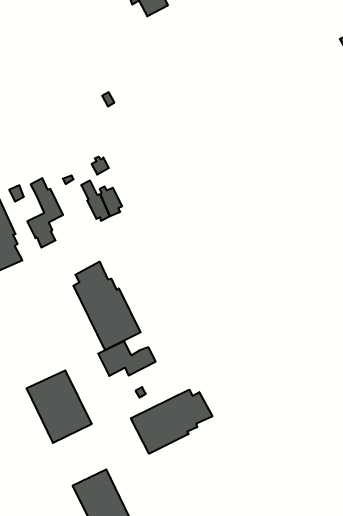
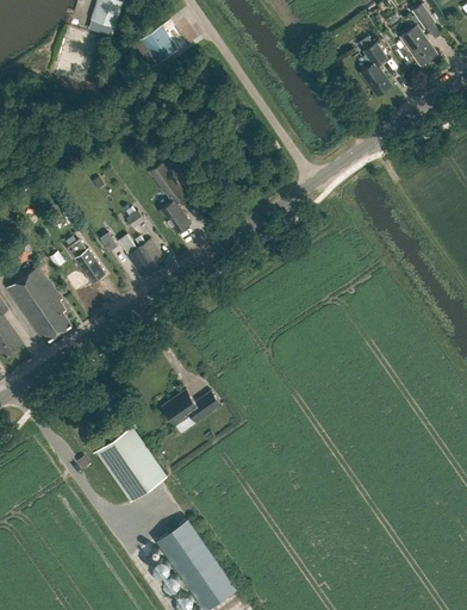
building: none -> [149,162,191,235]
building: [73,262,141,350] -> none
building: [131,390,212,454] -> none

